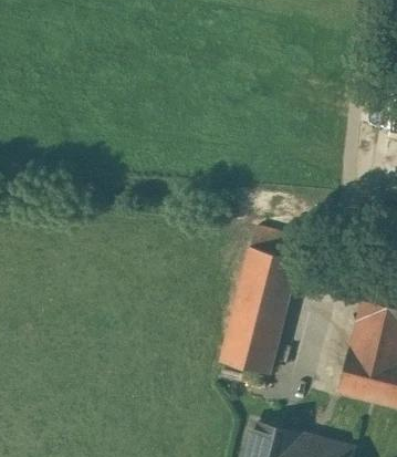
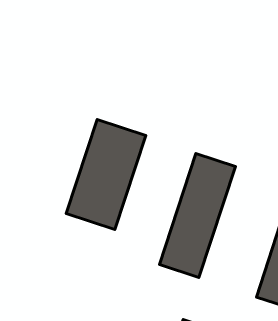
building: none -> [66,119,146,229]

